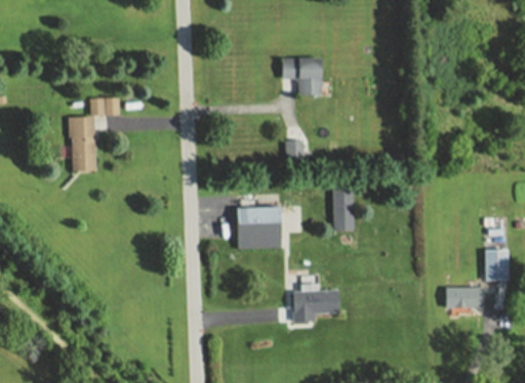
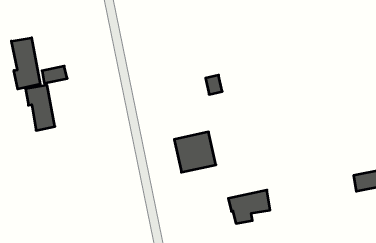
building: none -> [11,38,40,89]
building: [281,58,322,96] -> none
building: [333,189,354,230] -> none

